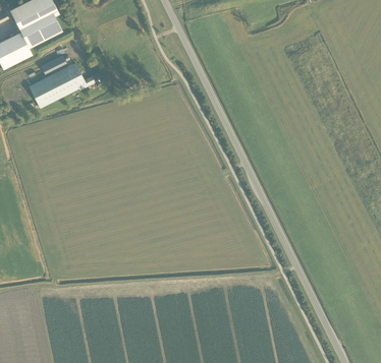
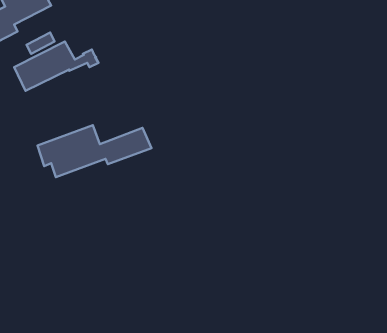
building: none -> [37,125,151,177]

